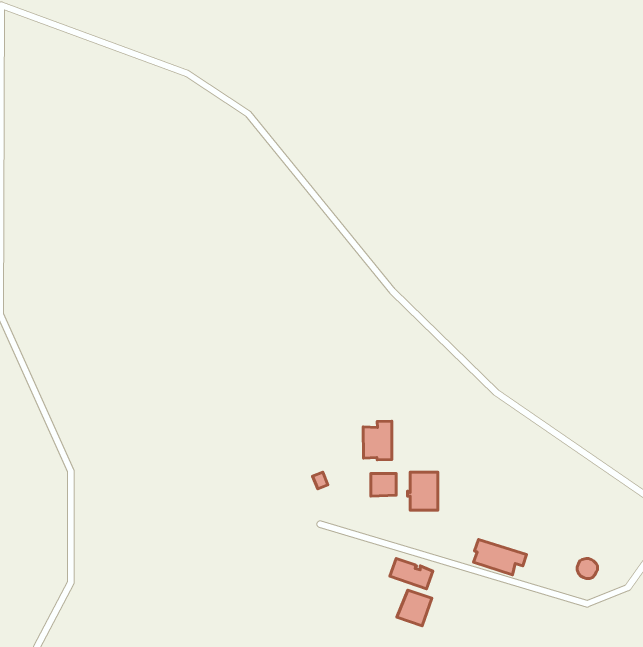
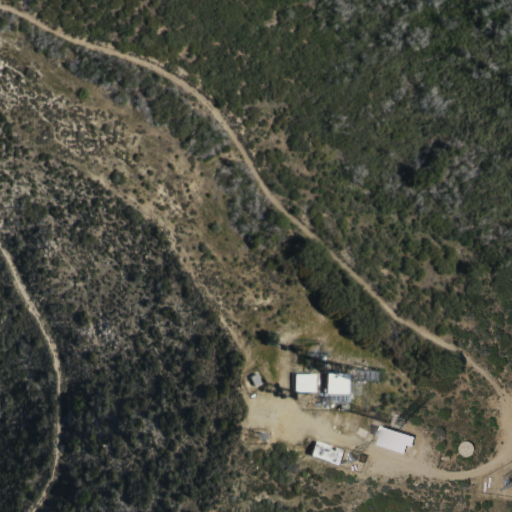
building: [363,421,392,460] -> none
building: [397,590,432,626] -> none

